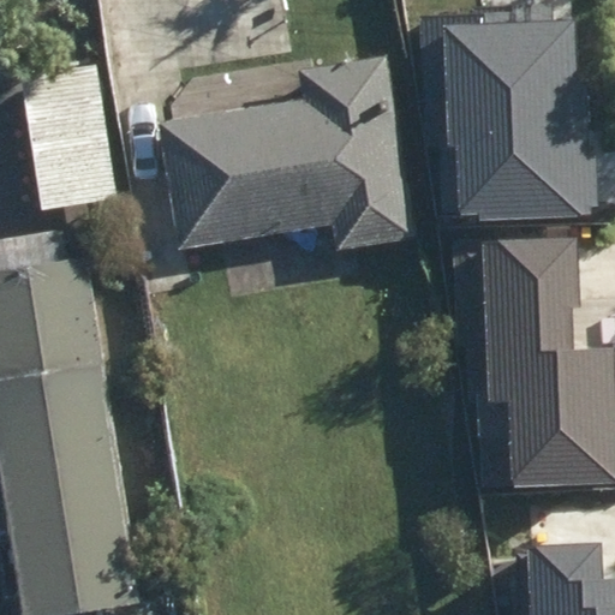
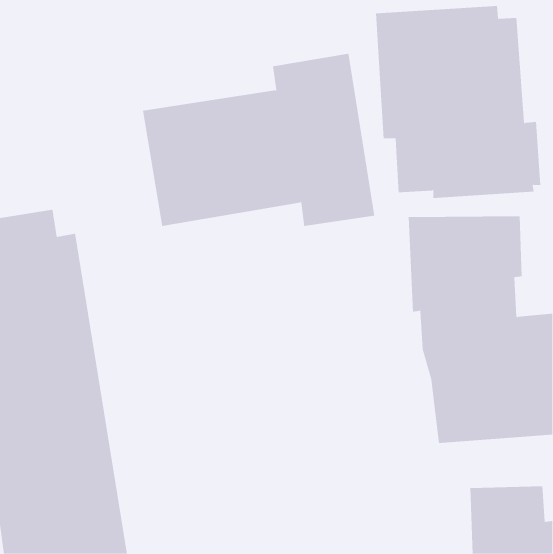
building: [30,60,129,207] -> none

